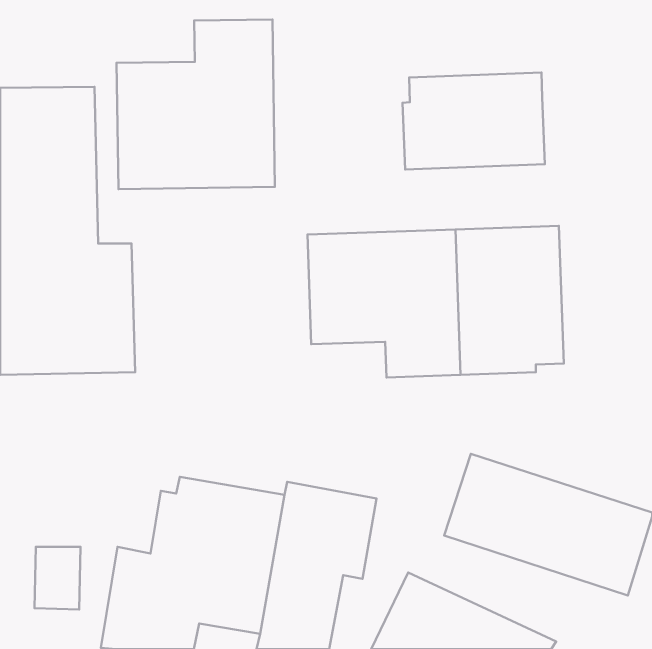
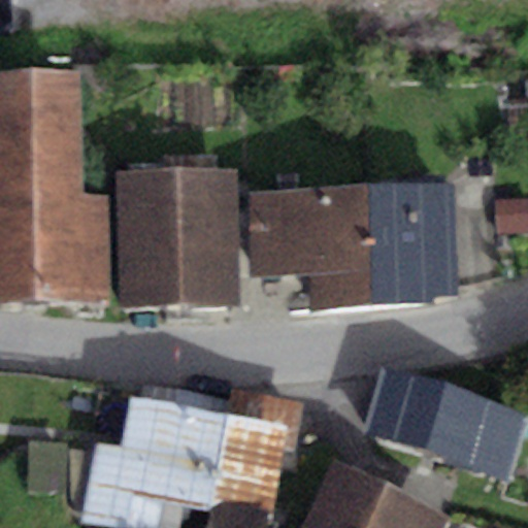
building: [117,19,275,189] -> none
building: [402,73,545,169] -> none
building: none -> [120,167,238,309]

